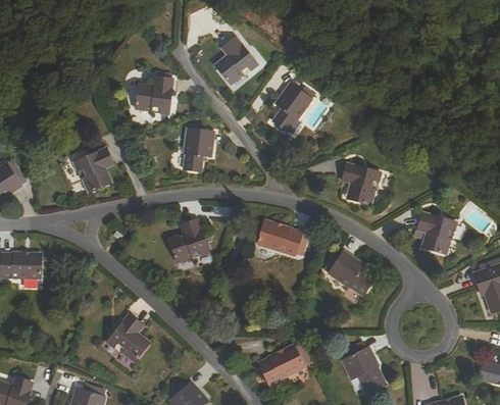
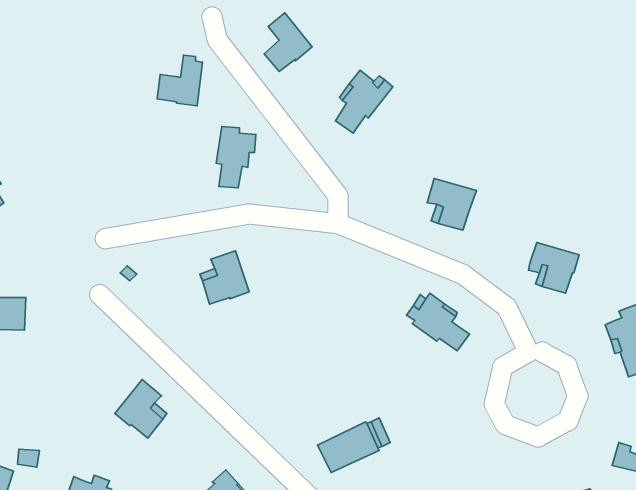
building: [74,148,110,188] -> none
building: [256,219,305,255] -> none
building: [341,346,385,392] -> none

